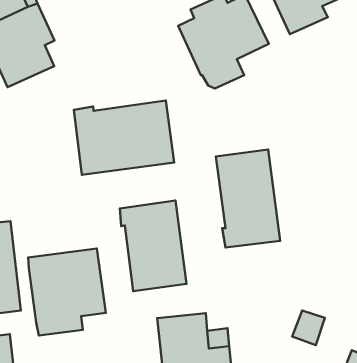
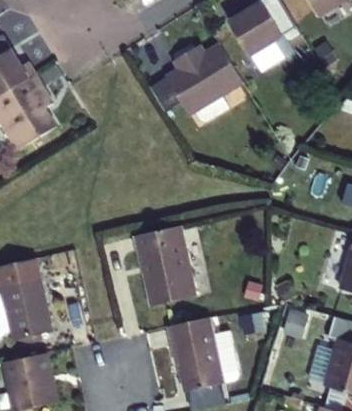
building: [74,101,174,175] -> none
building: [216,150,280,247] -> none
building: [28,248,106,336] -> none

